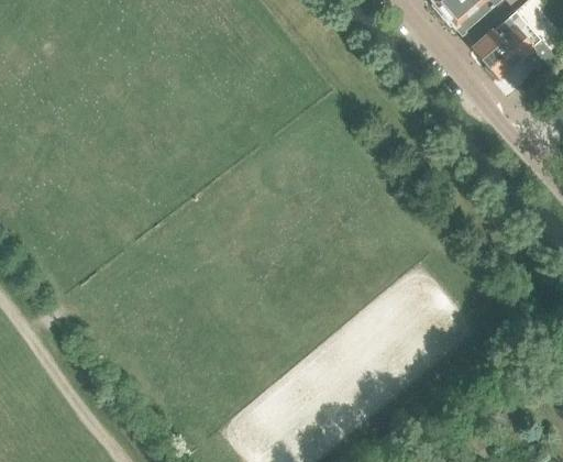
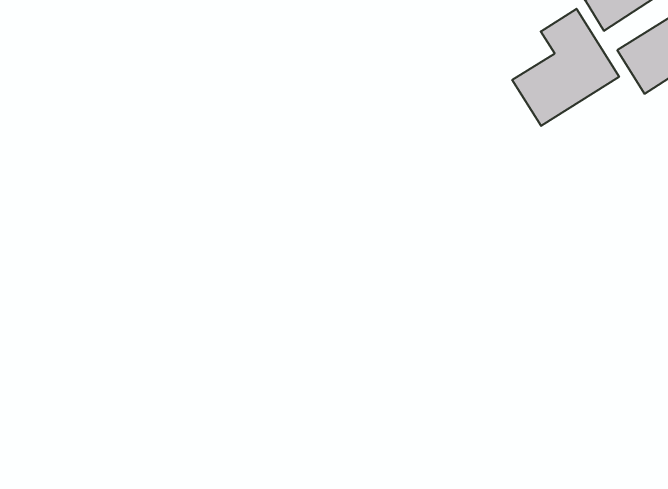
building: none -> [512,9,619,126]

